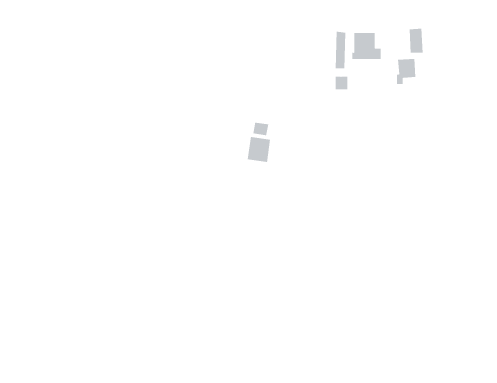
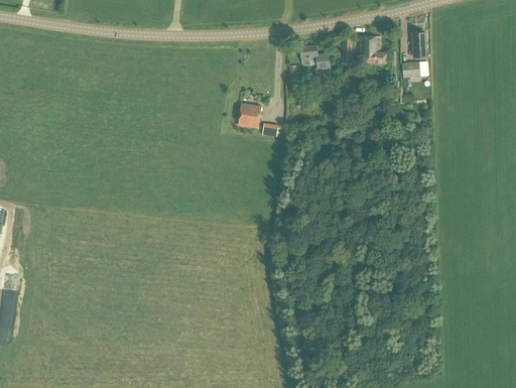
building: none -> [300,45,330,80]
building: [247,136,271,163] -> [238,103,261,128]

